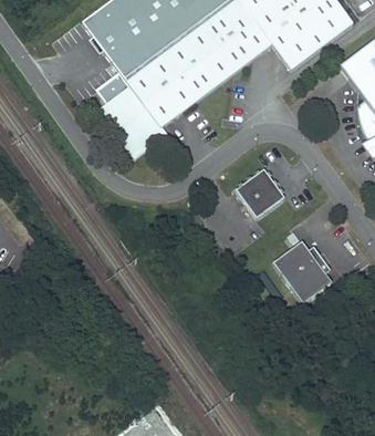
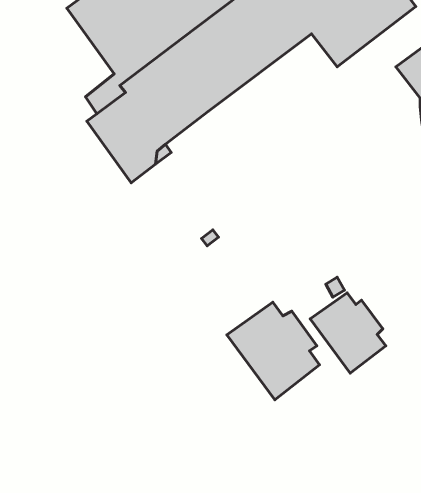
building: [236,167,284,216] -> none
building: none -> [227,302,320,400]

